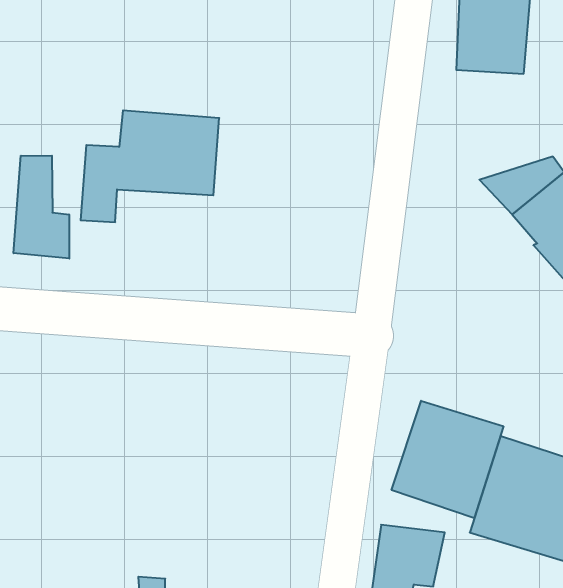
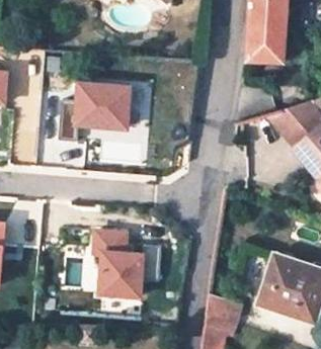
building: [14,156,69,259] -> none
building: none -> [87,229,154,293]
building: [392,401,503,518] -> none

